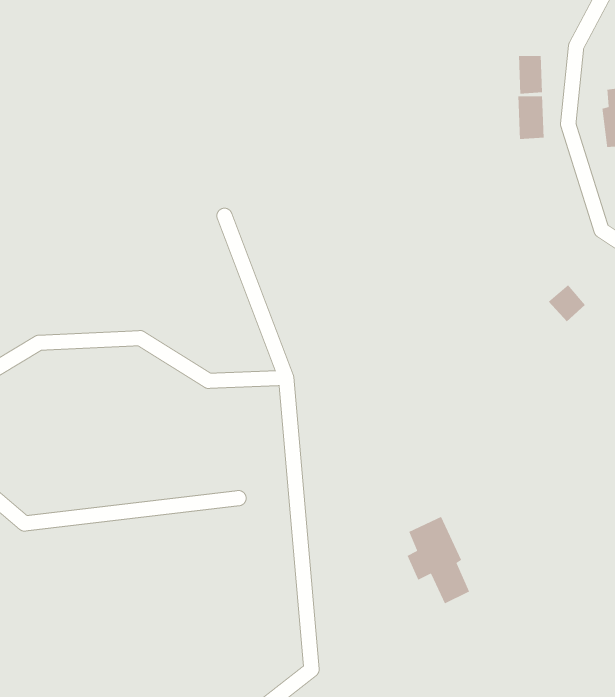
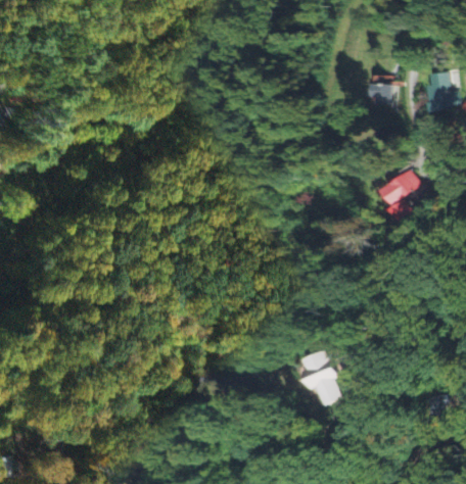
building: [518,55,543,95] -> none
building: none -> [383,170,422,204]

